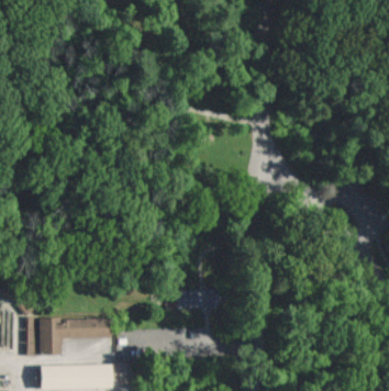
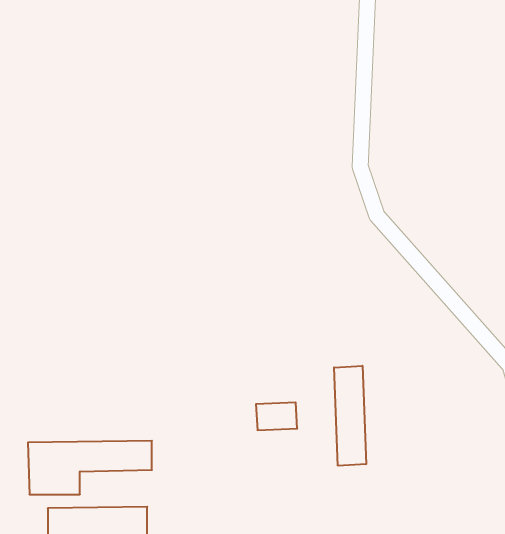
building: none -> [334,366,366,466]

